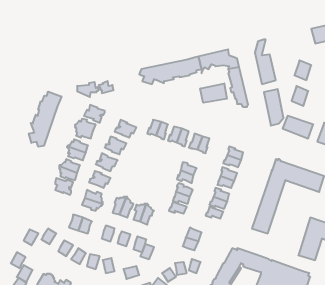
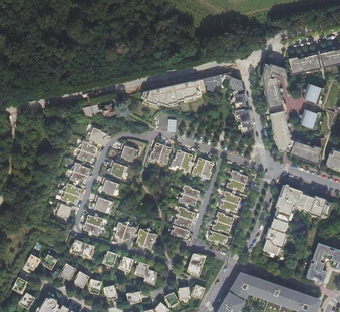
building: none -> [287,51,317,72]
building: [200,83,227,103] -> none
building: [29,92,61,147] -> none

